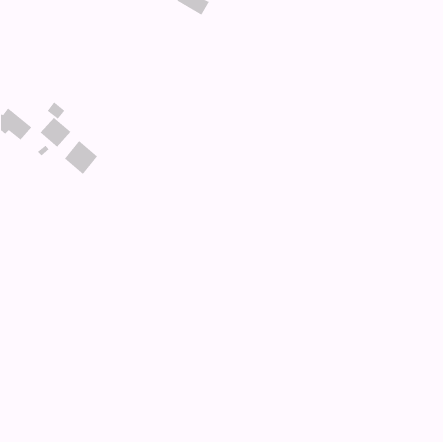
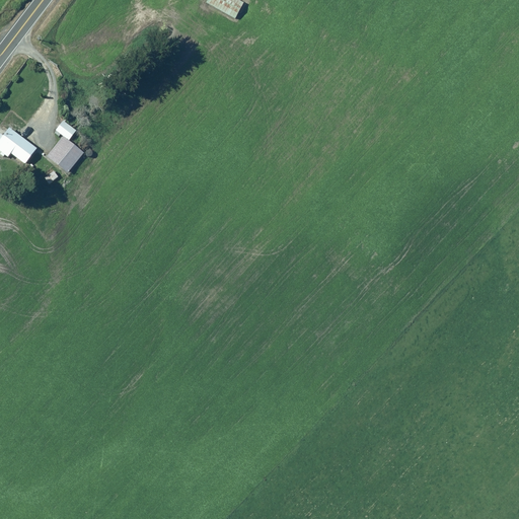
building: [64,140,98,175] -> none

